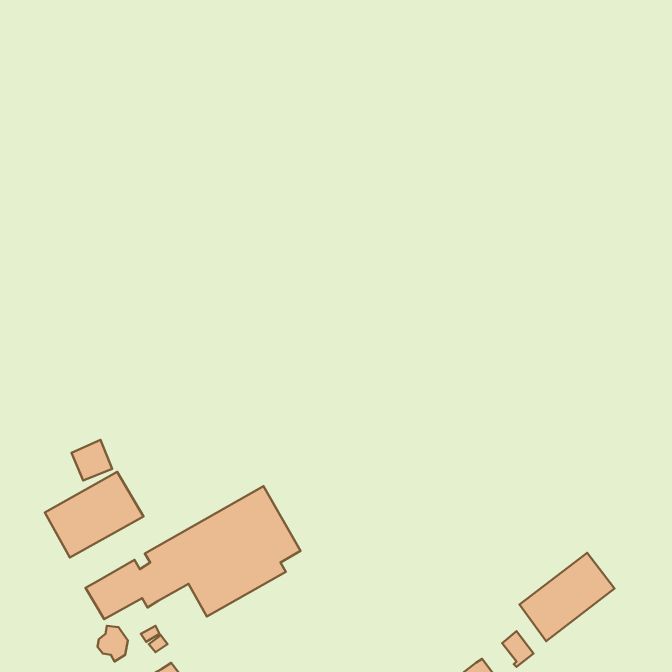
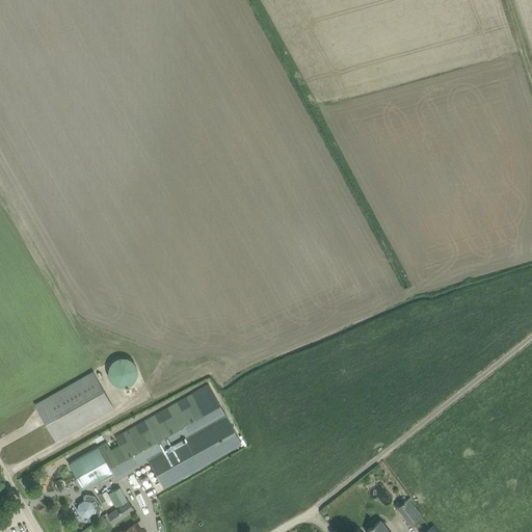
building: [71,440,112,481] -> [110,355,142,388]
building: [519,553,614,641] -> none

